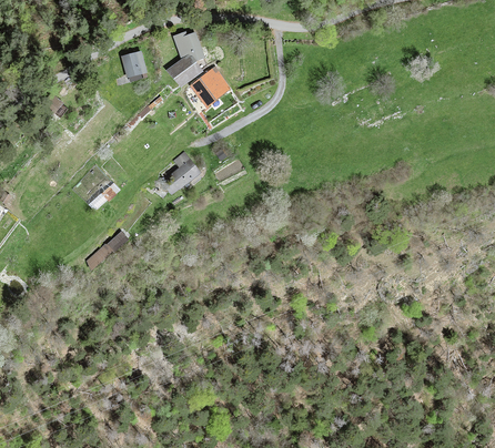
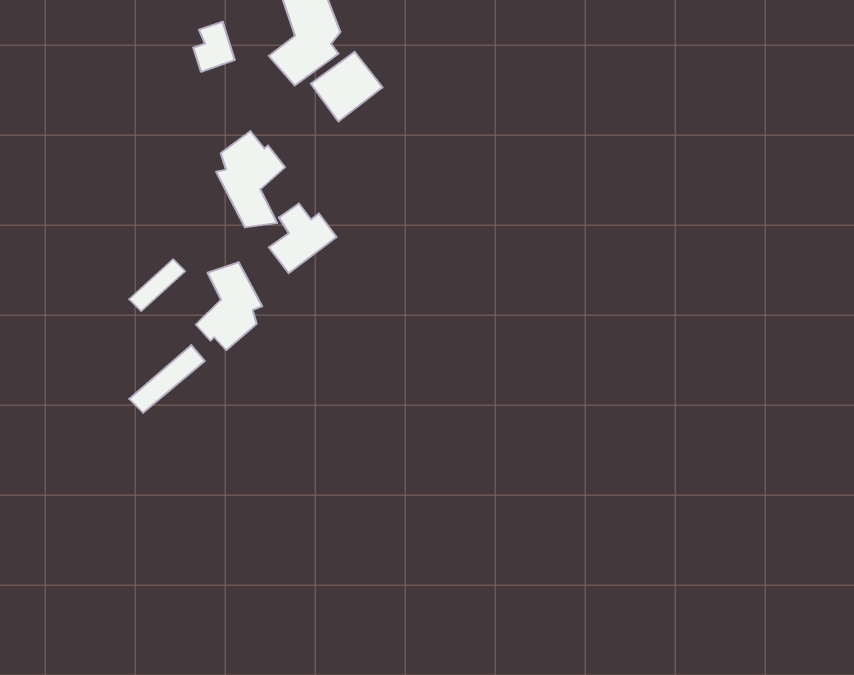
building: none -> [216,131,285,228]
building: none -> [196,262,262,350]

